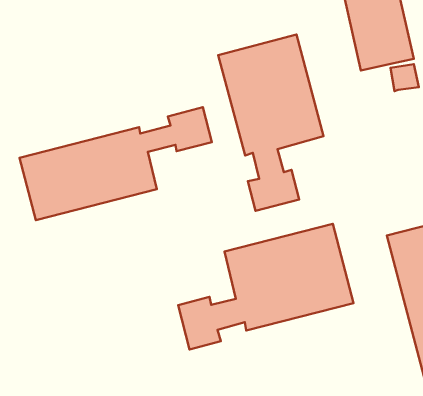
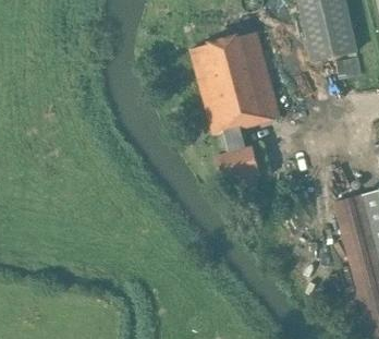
building: [20,107,212,220] -> none
building: [178,224,354,349] -> none

